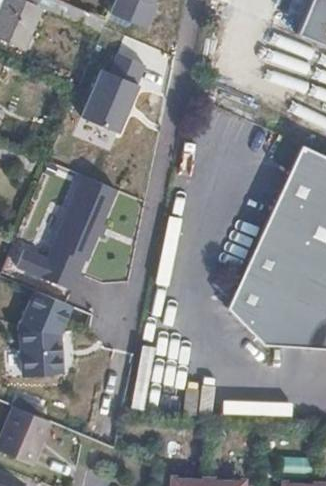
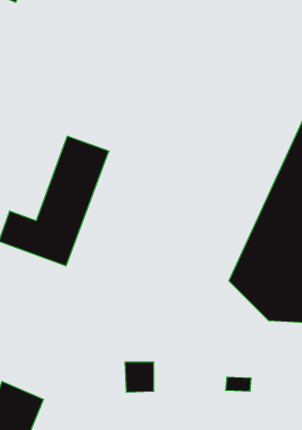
building: [78,52,144,134] -> none
building: [19,295,65,376] -> none

